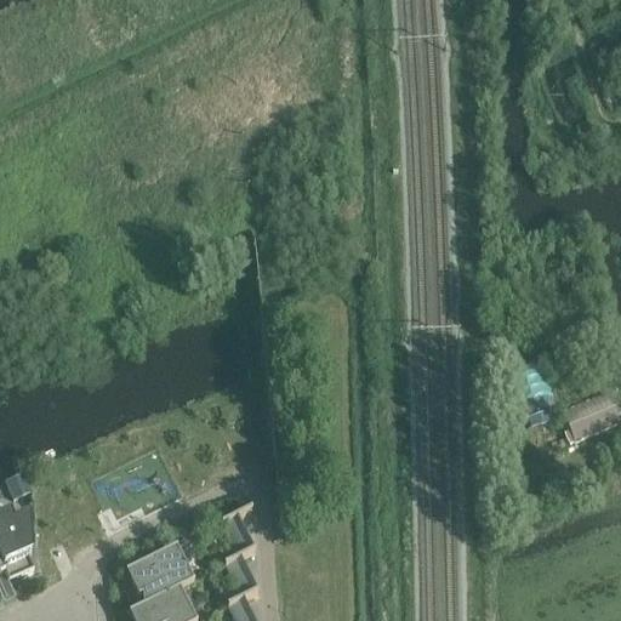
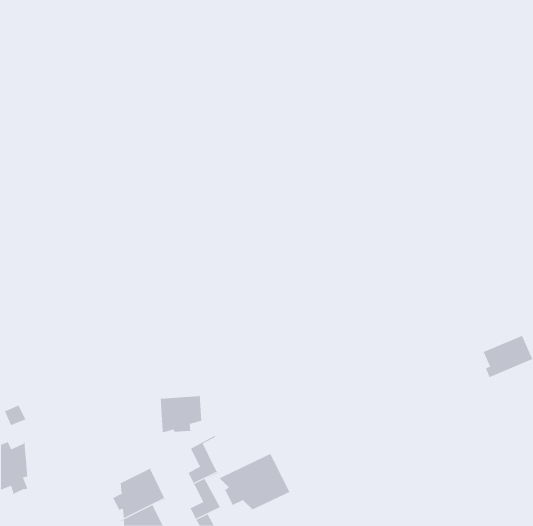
building: none -> [160,395,202,436]
building: none -> [215,453,291,510]

